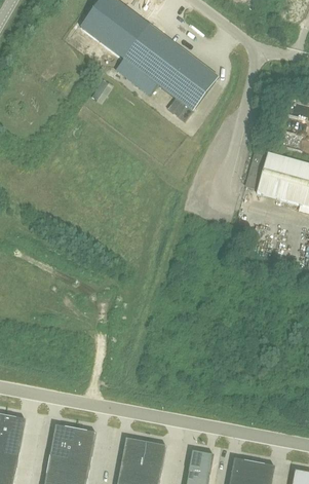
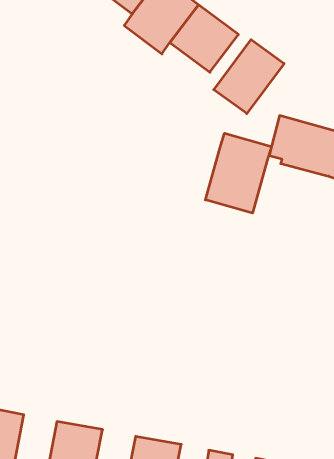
building: none -> [214,40,284,114]
building: none -> [205,133,272,213]

